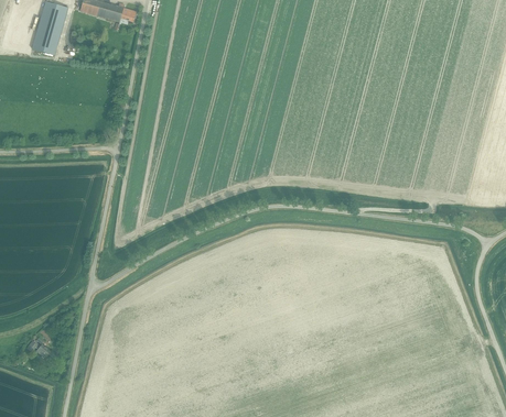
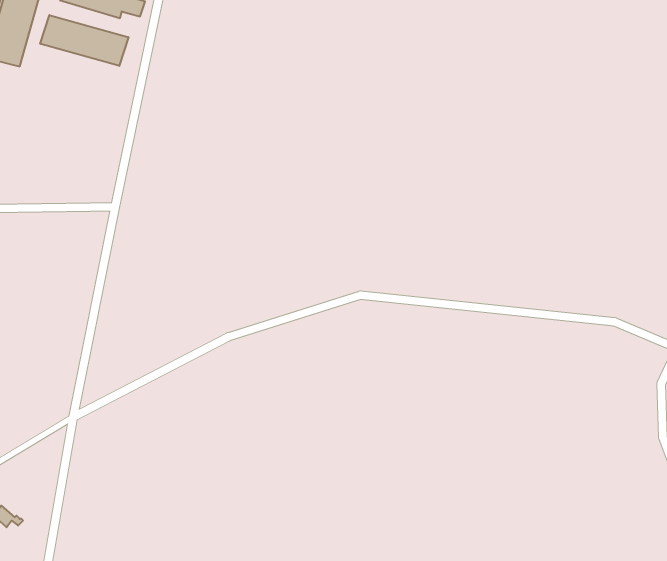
building: none -> [40,15,128,66]

